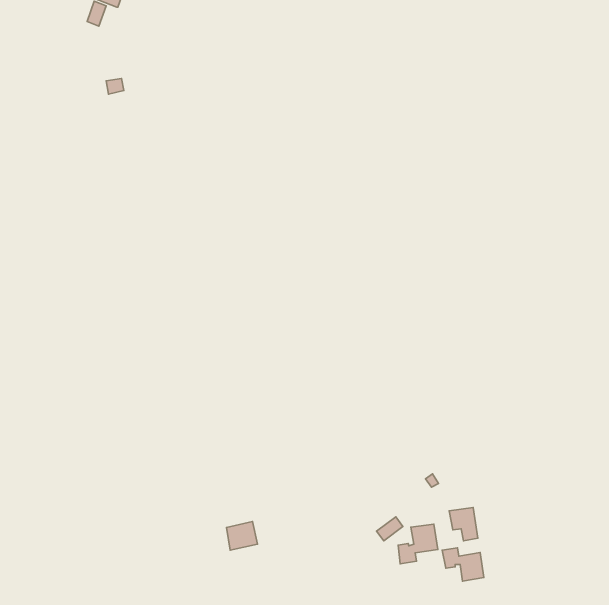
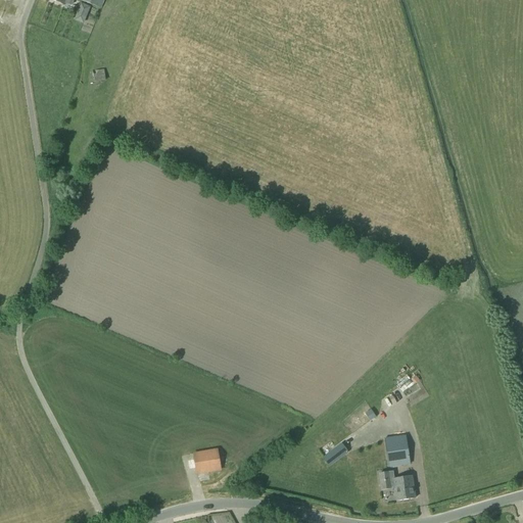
building: [398,524,438,564] -> none

